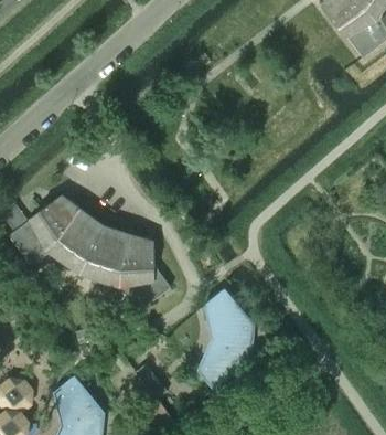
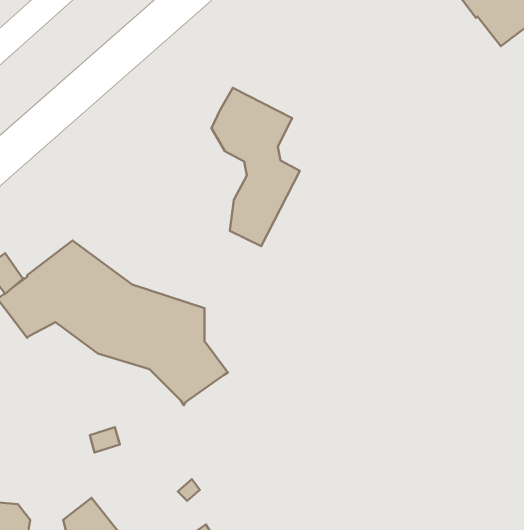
building: none -> [211,88,300,246]
building: [197,288,254,390] -> none

